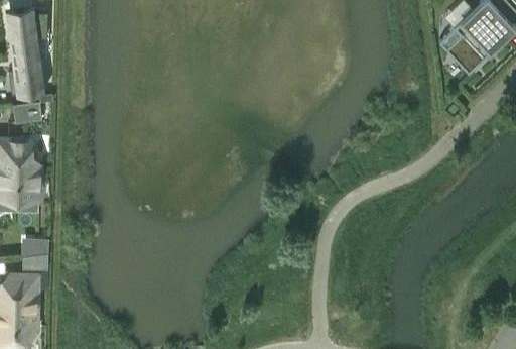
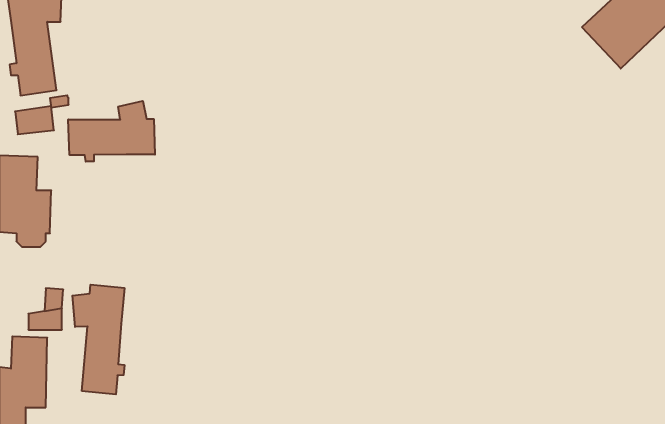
building: none -> [68,101,155,162]
building: none -> [72,285,124,394]

